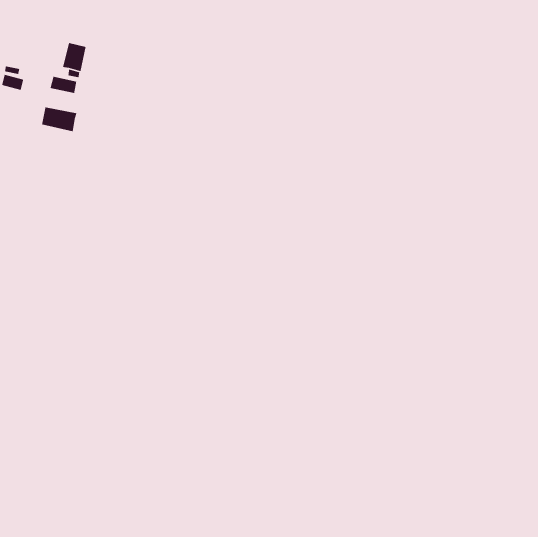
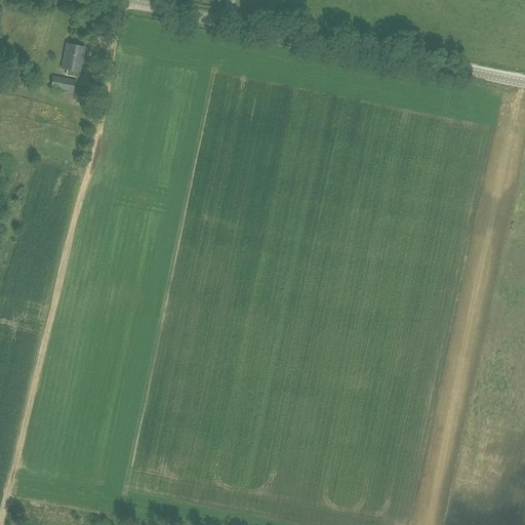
building: [41,106,77,132] -> none

